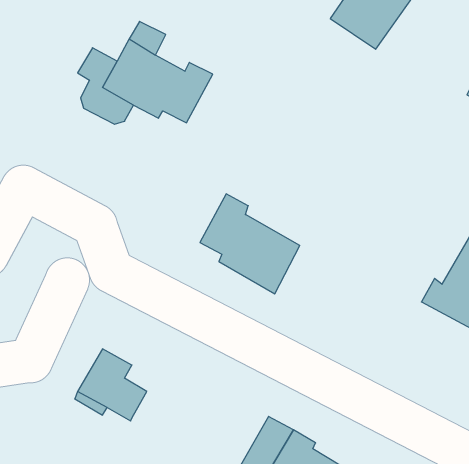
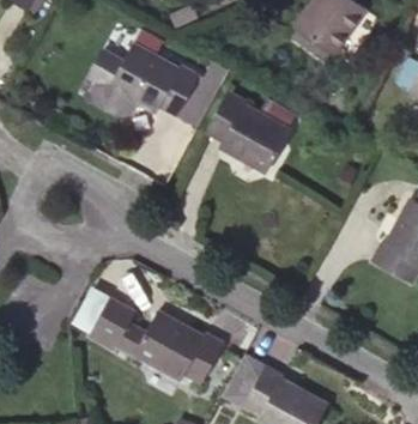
building: [200,194,300,294] -> [207,91,289,172]
building: none -> [135,314,225,382]

